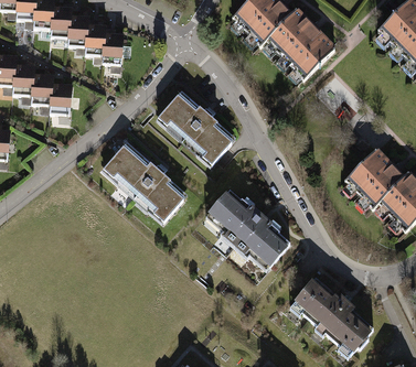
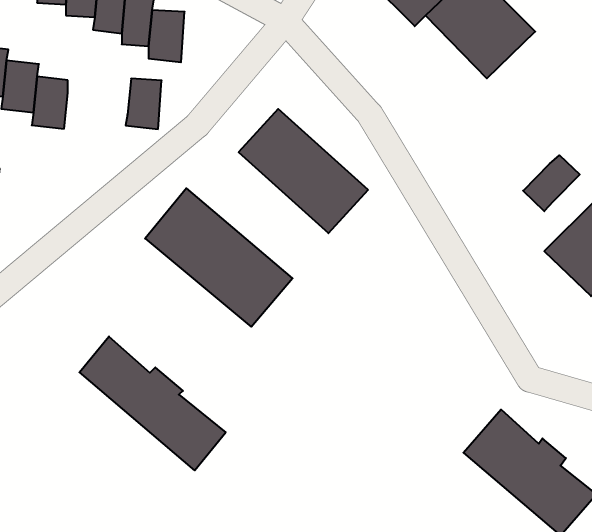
building: [47,83,70,114] -> [126,79,162,129]
building: none -> [523,155,580,211]
building: [207,195,294,276] -> none
building: none -> [79,336,226,470]

